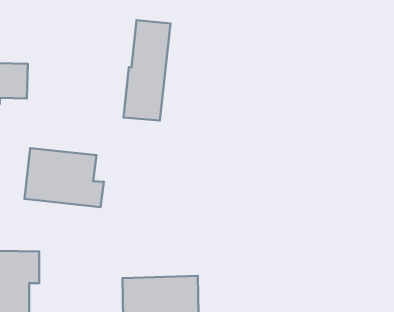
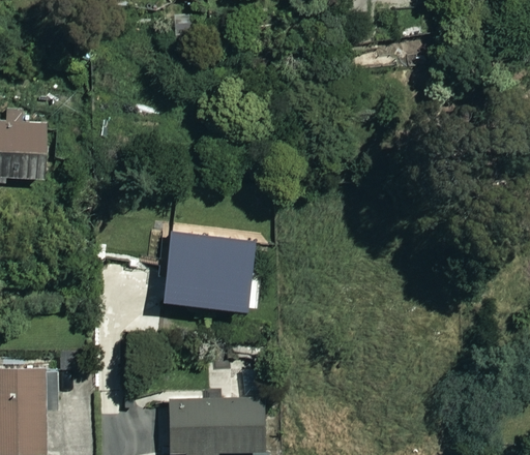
building: [124,20,170,121] -> none
building: [24,148,104,207] -> [160,232,262,307]

